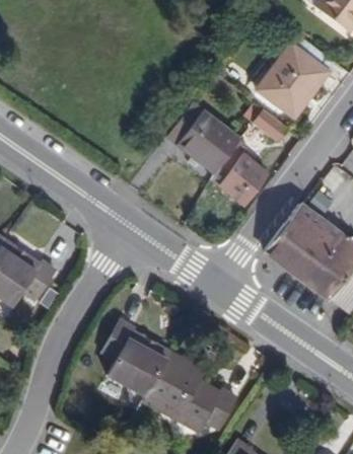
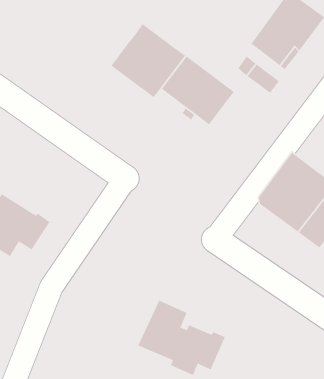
building: none -> [110,23,186,98]
building: [211,148,270,207] -> none
building: [99,327,165,400] -> none

